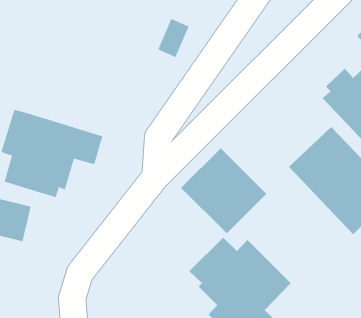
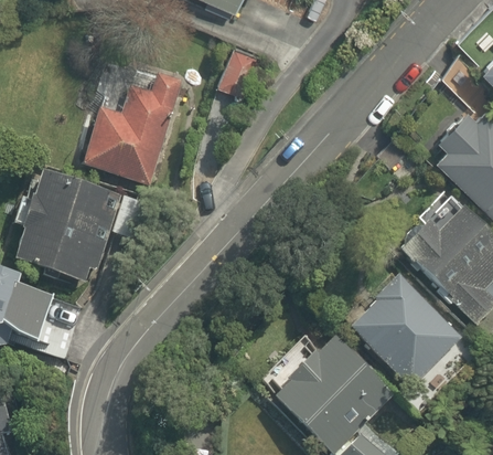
building: none -> [81,64,190,189]
building: [180,147,267,234] -> [352,274,465,388]

